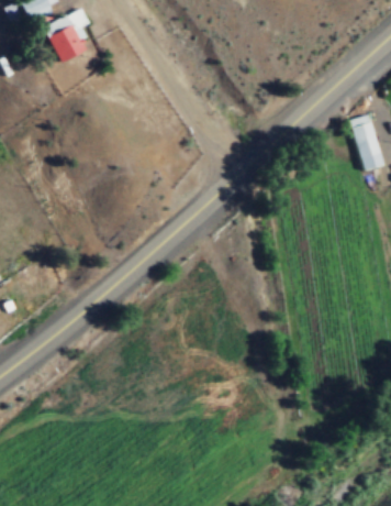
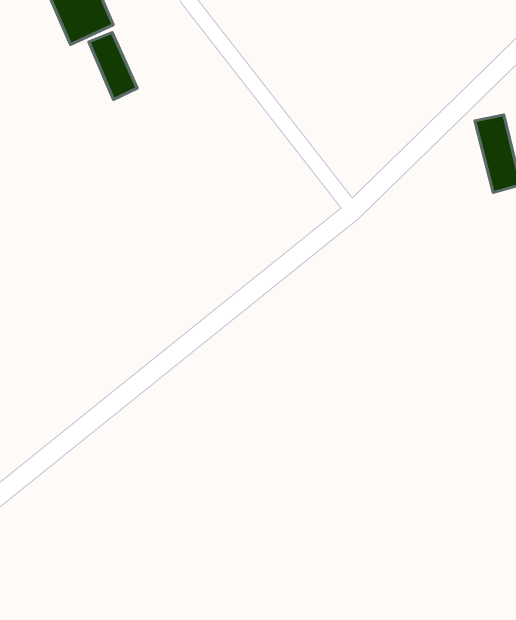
building: none -> [89,32,137,99]

